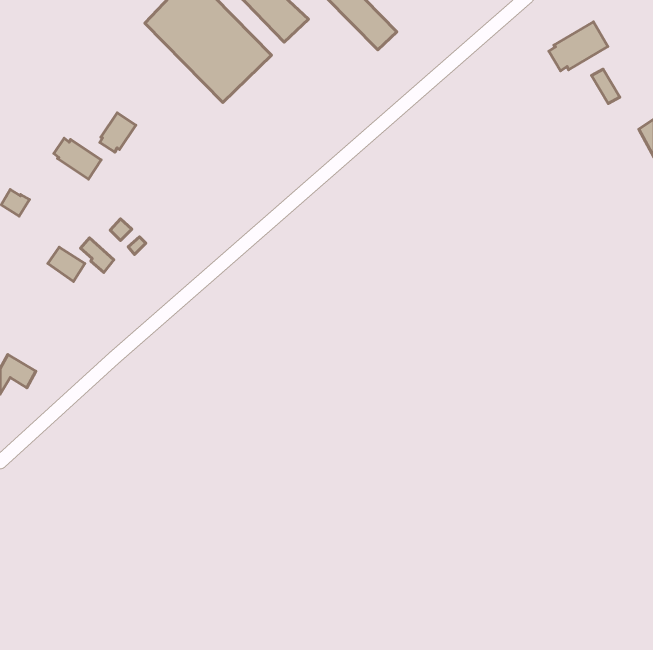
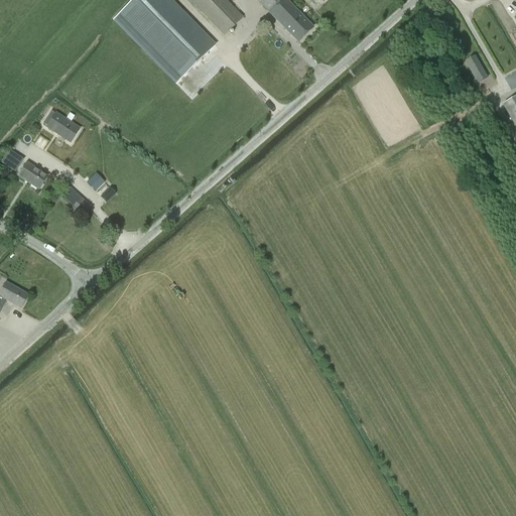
building: [549,22,608,71] -> none
building: [100,113,136,152] -> none
building: [48,247,85,282] -> [19,160,48,187]

